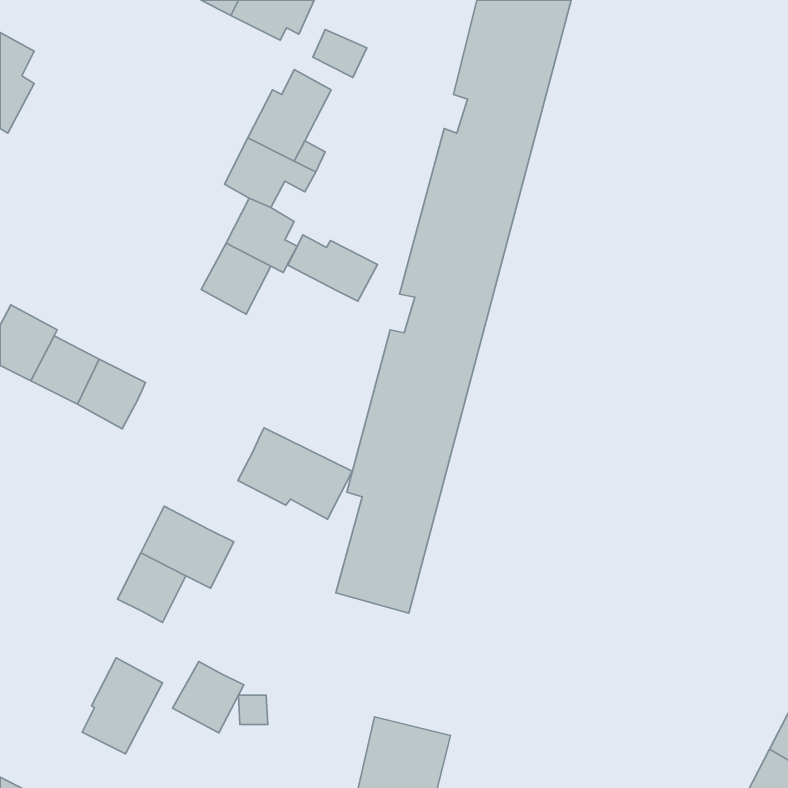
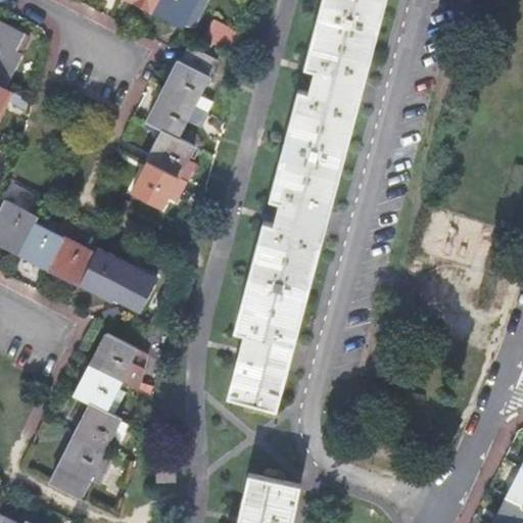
building: [288,235,377,301] -> none
building: [238,428,352,519] -> [83,250,158,311]
building: [173,662,244,733] -> [79,406,126,453]

